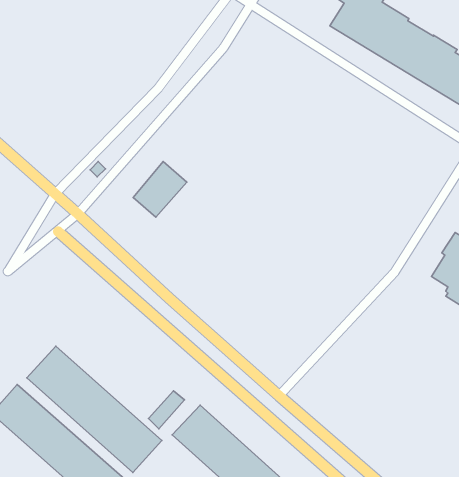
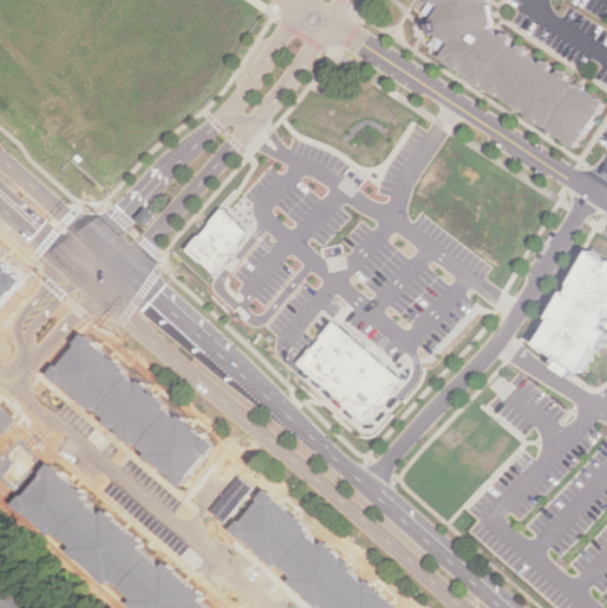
building: none -> [299,323,400,422]
building: [27,346,162,473] -> [47,335,206,483]

